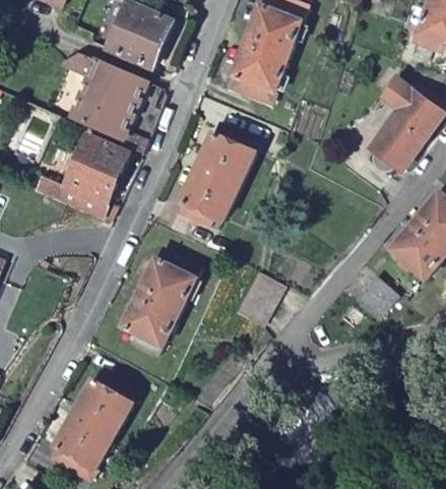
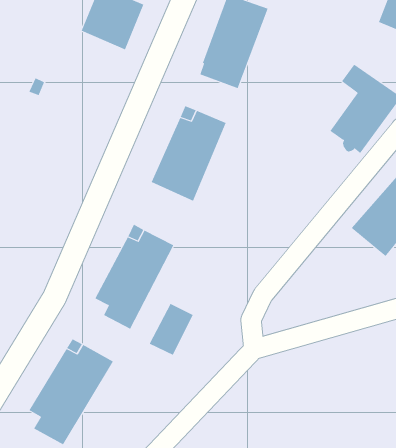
building: [71,58,149,140] -> none
building: [35,131,130,217] -> none
building: [234,272,280,327] -> [149,303,194,356]
building: [356,282,397,324] -> none

